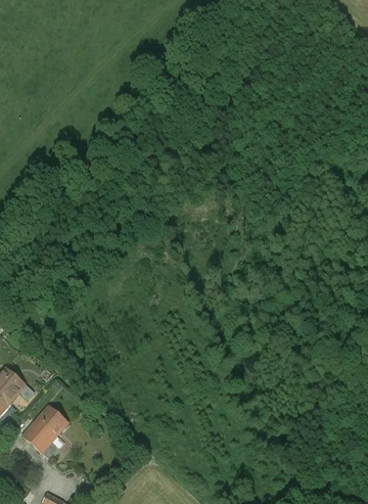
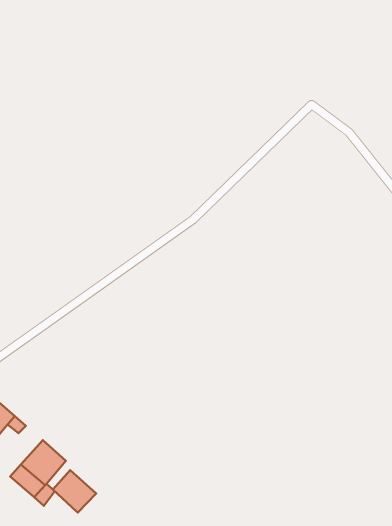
building: none -> [53,470,96,513]

